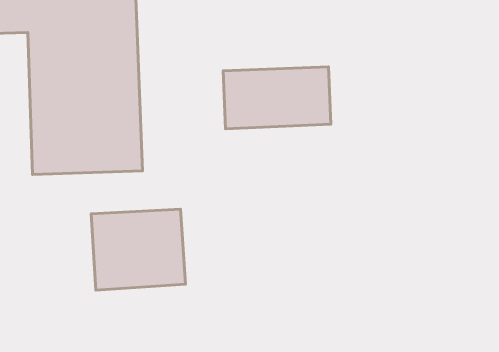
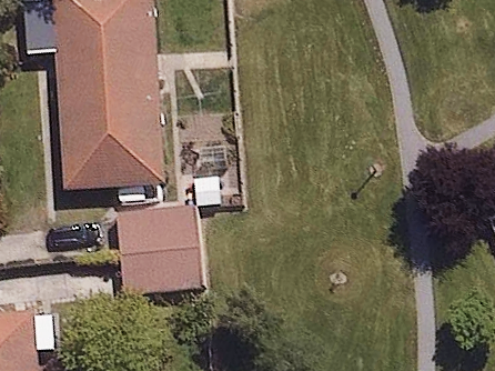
building: [223,67,331,129] -> none

